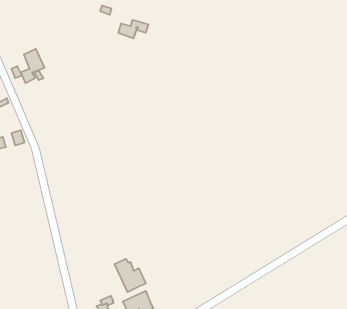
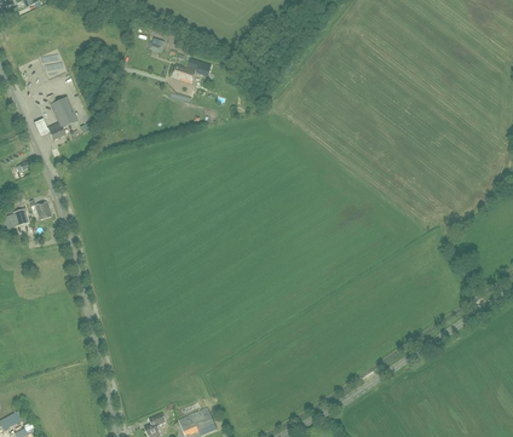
building: [114,259,146,292] -> none

